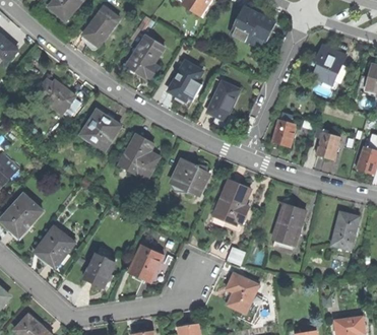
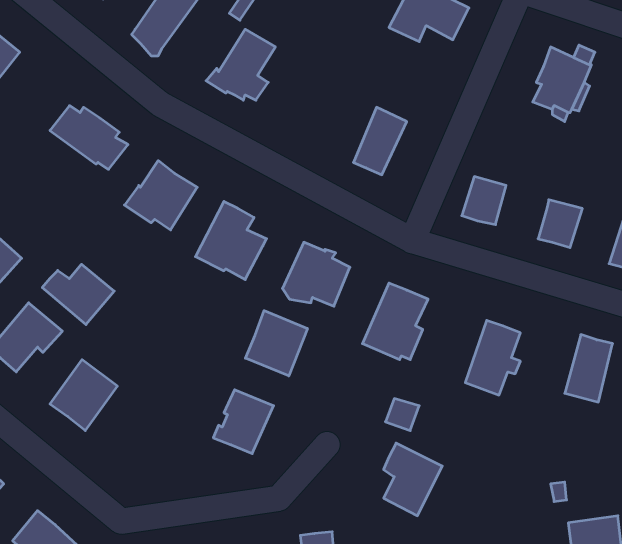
building: [168,62,202,103] -> none
building: none -> [42,264,114,325]
building: none -> [245,311,307,376]
building: [84,251,115,284] -> none

